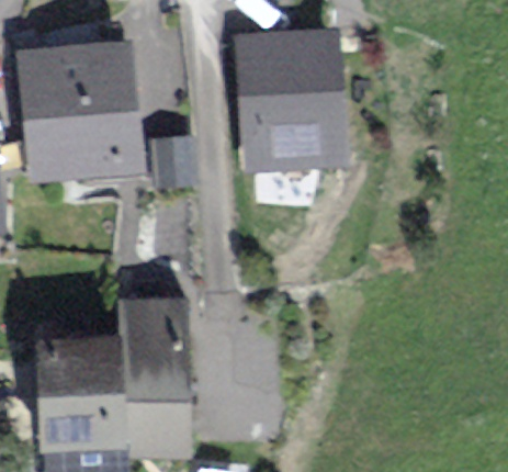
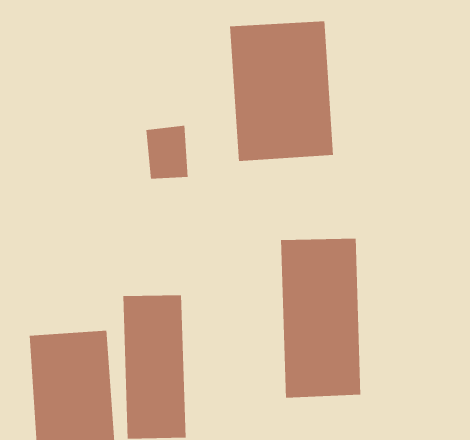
building: [18,44,132,175] -> none
building: none -> [281,238,361,398]

